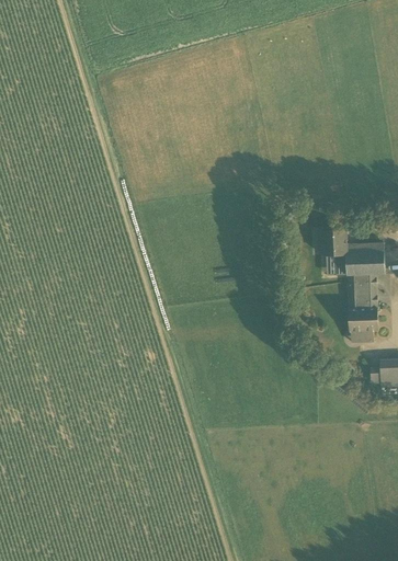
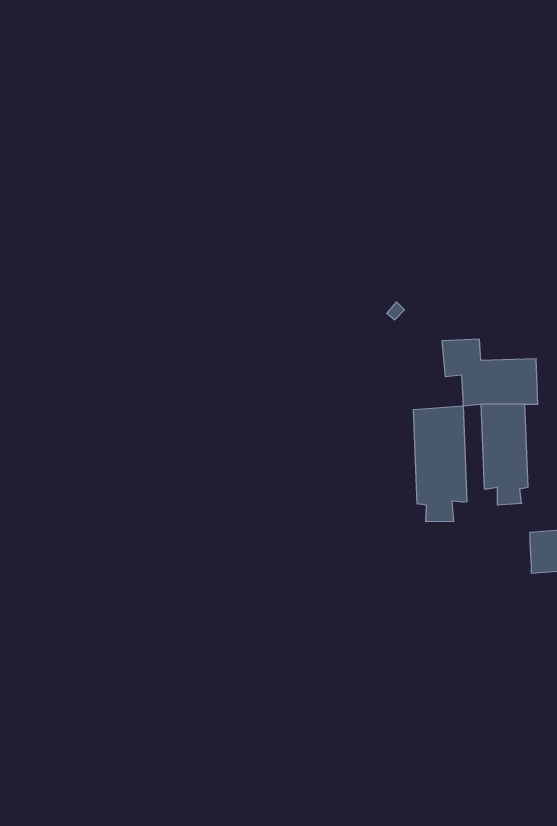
building: none -> [413,406,467,522]

